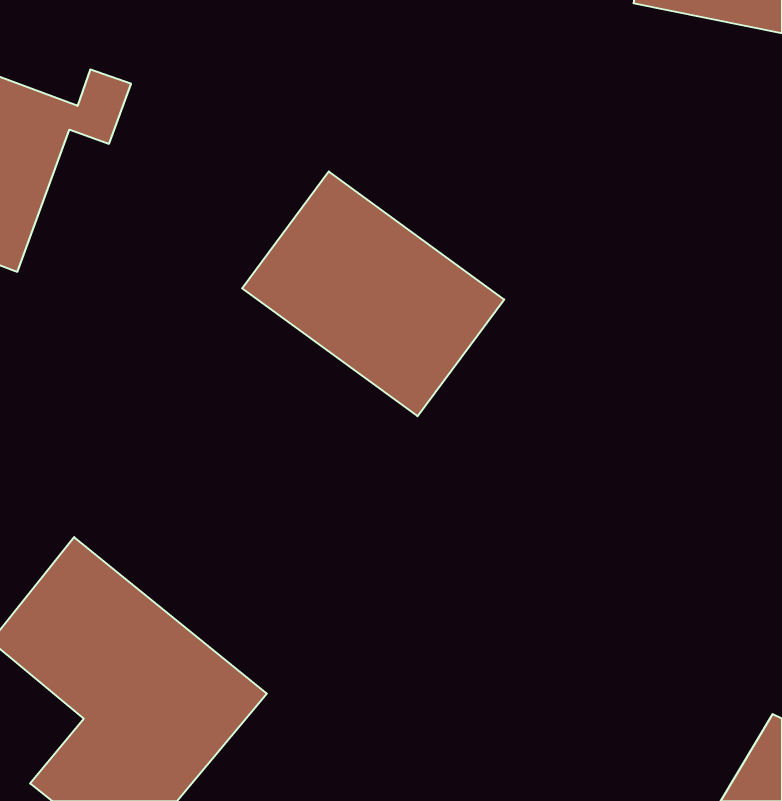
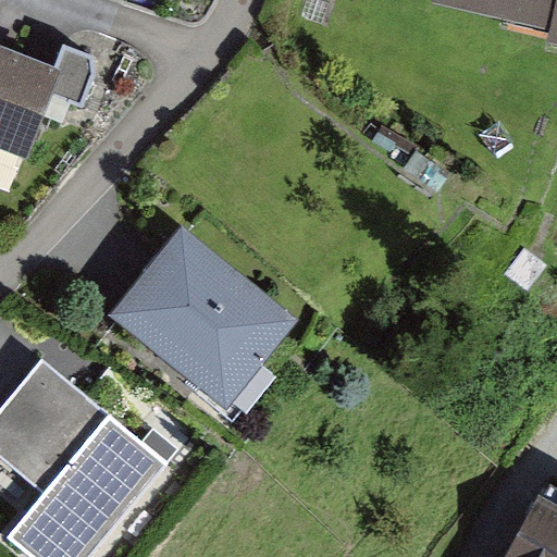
building: [242,171,504,416] -> [112,233,293,401]

